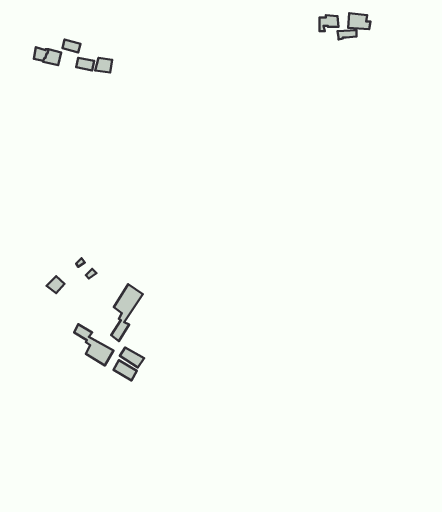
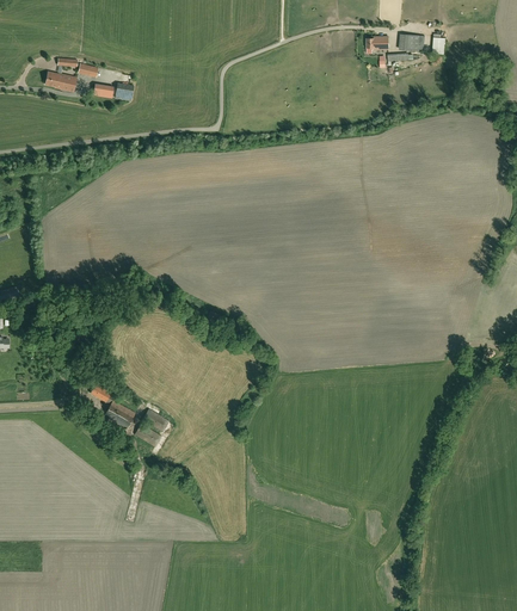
building: [111,284,143,341] -> none

